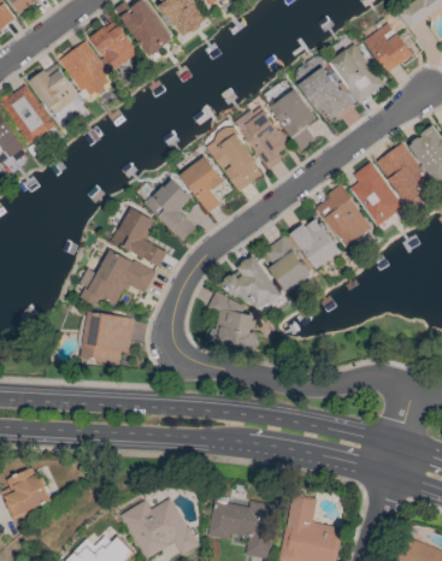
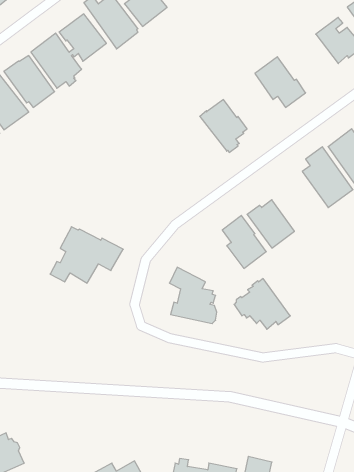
building: [328,43,383,104] -> none
building: [269,88,316,150] -> none
building: [208,134,260,191] -> none
building: [179,155,224,212] -> none
building: [143,178,194,241] -> none
building: [316,184,372,248] -> none
building: [110,207,166,266] -> none
building: [222,255,282,309] -> [234,279,290,329]
building: [76,311,132,365] -> none

